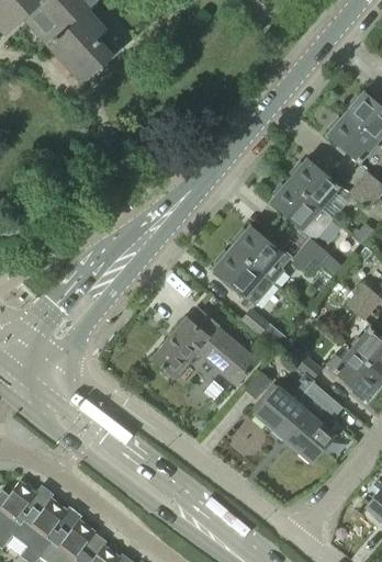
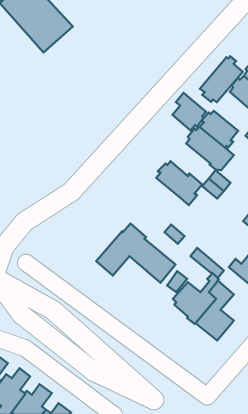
building: none -> [200,56,243,102]
building: none -> [172,93,206,131]
building: [214,248,274,306] -> none

